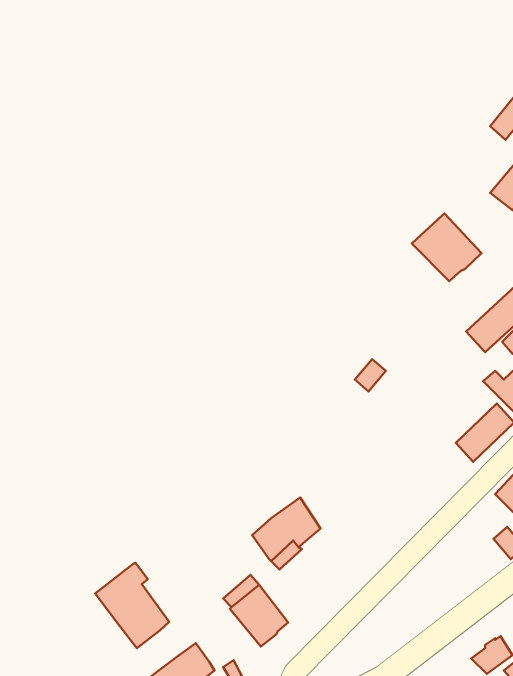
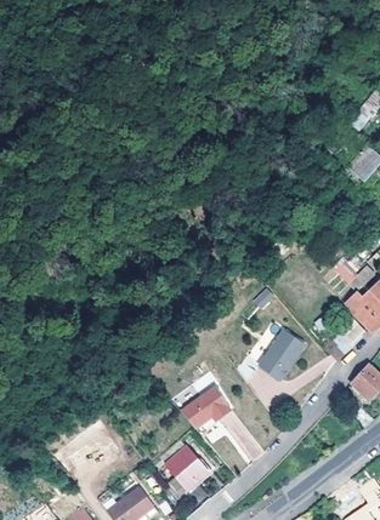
building: [412,213,481,281] -> none
building: none -> [260,331,304,379]
building: [95,563,169,648] -> none

